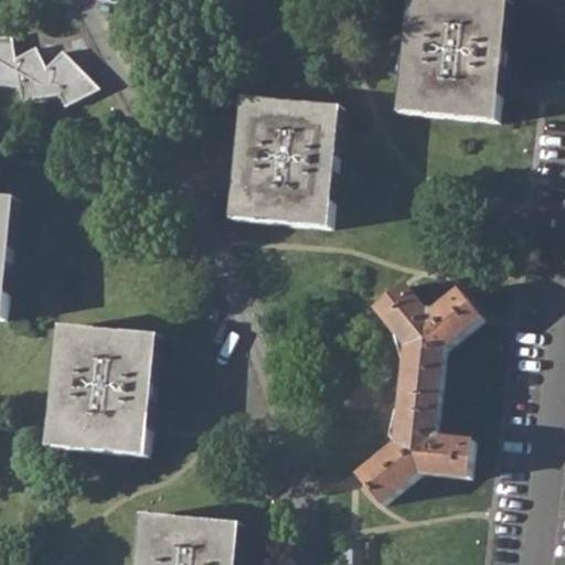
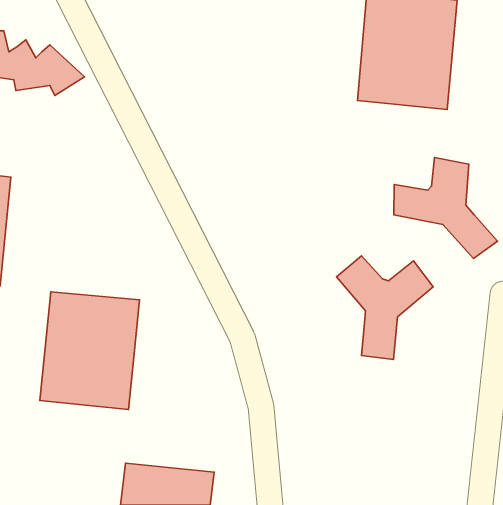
building: [228,96,340,227] -> none
building: none -> [394,158,498,259]
building: [356,394,470,502] -> none

